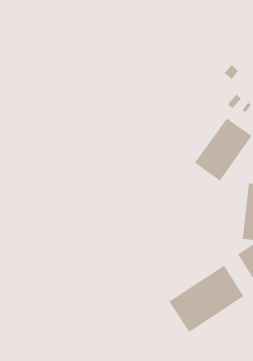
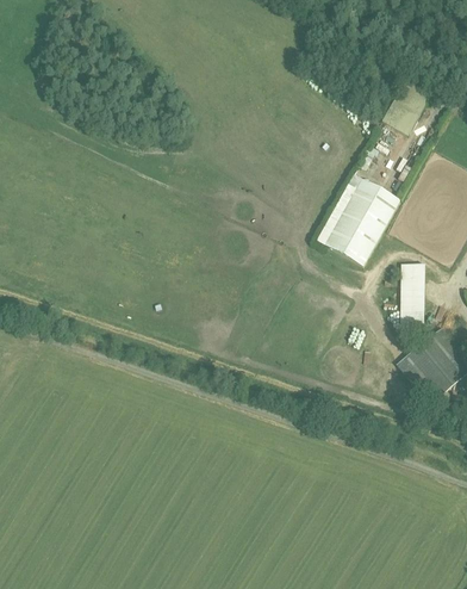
building: [168,265,244,333] -> none

